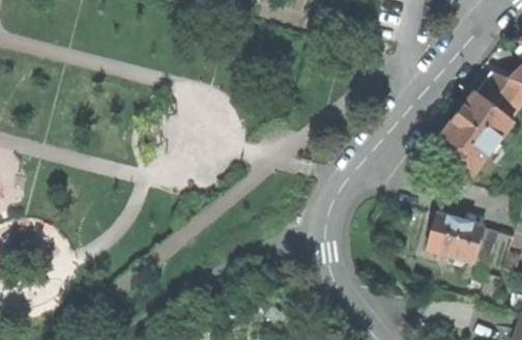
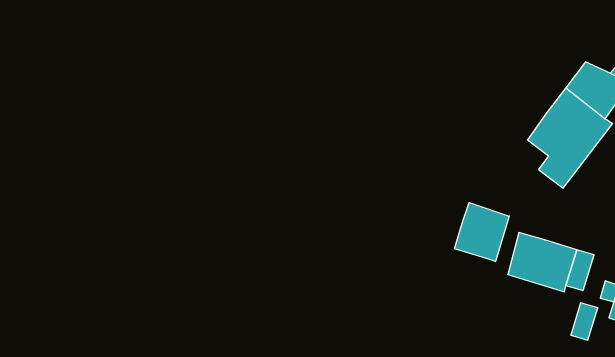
building: none -> [455,203,509,262]

